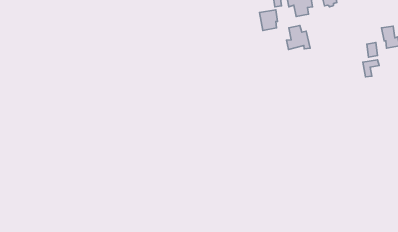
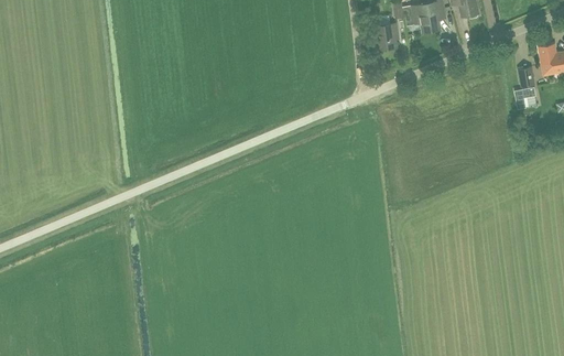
building: [287,26,310,50] -> none

